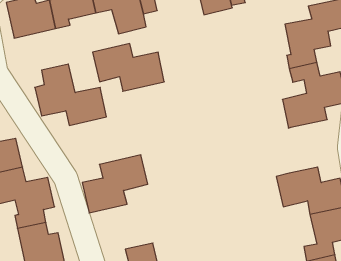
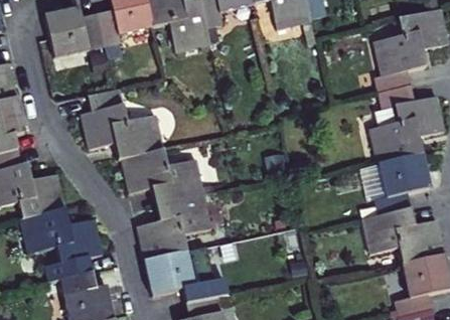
building: [93,44,164,91] -> [121,149,204,204]
building: none -> [376,152,430,214]
building: none -> [144,251,218,303]

